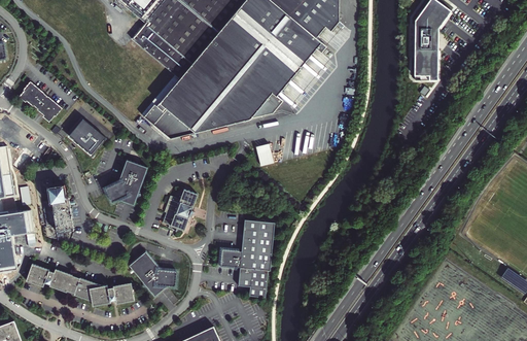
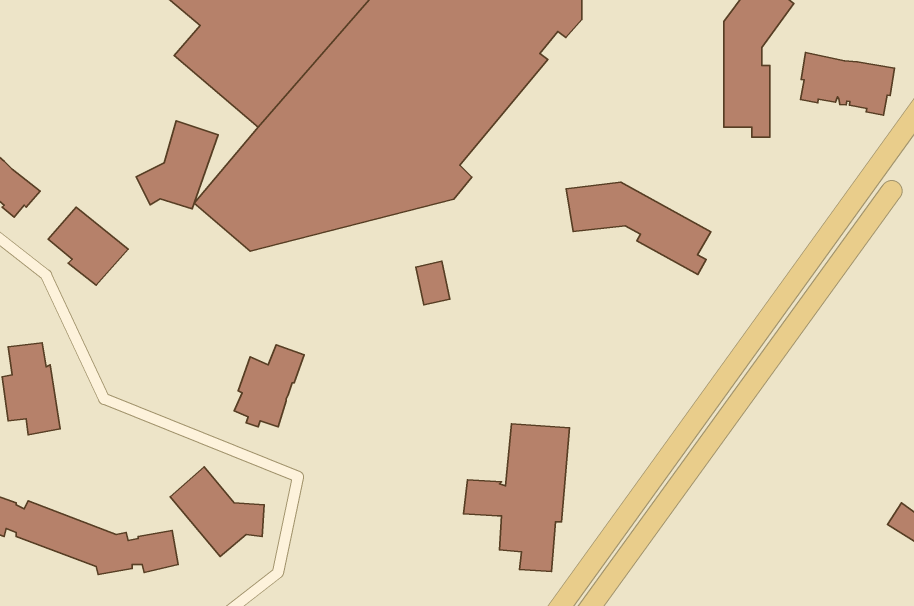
building: none -> [801,52,895,115]
building: none -> [566,182,711,274]
building: [105,159,147,204] -> [136,121,218,209]
building: [219,220,274,297] -> [464,424,570,572]

